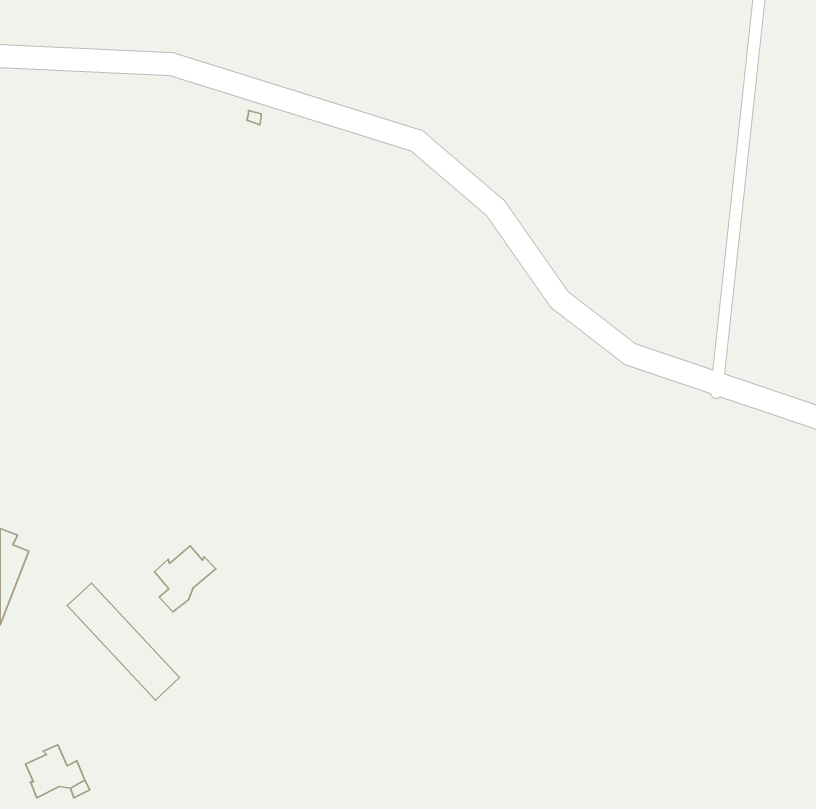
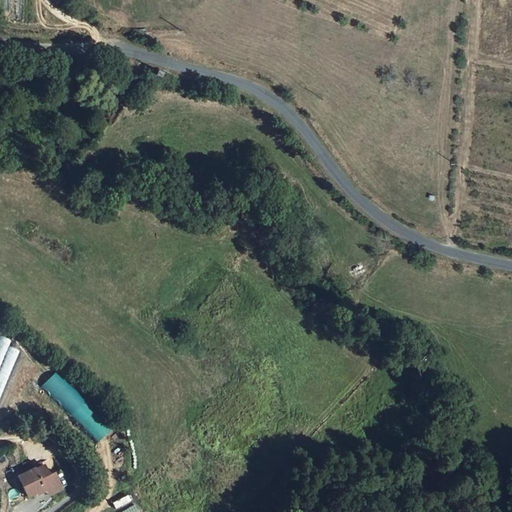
building: [154,546,216,612] -> none

